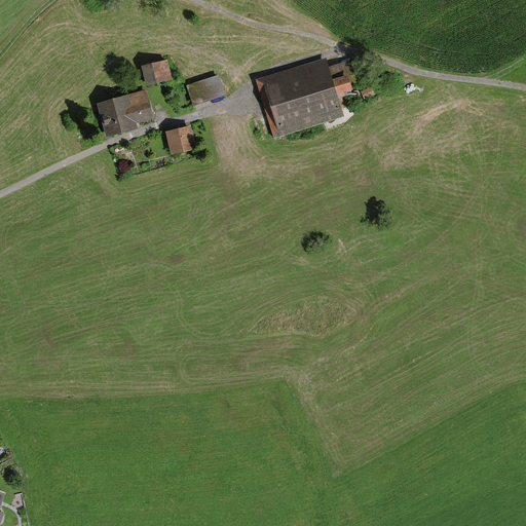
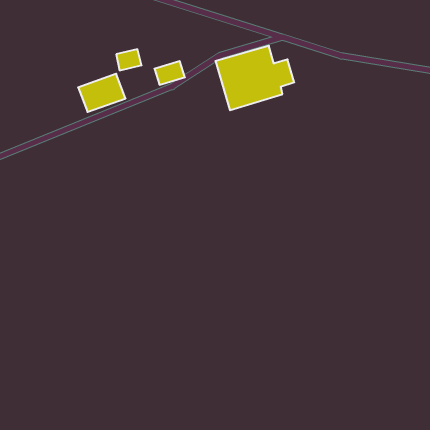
building: [164,124,194,154] -> none

